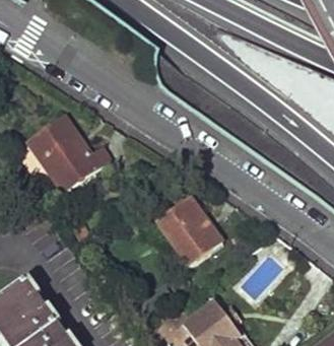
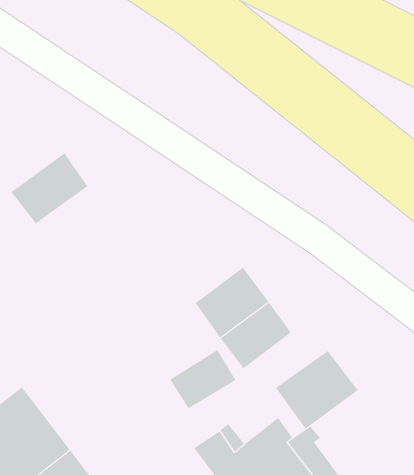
building: [42,138,106,191] -> none
building: none -> [169,349,236,409]
building: none -> [275,350,359,430]

